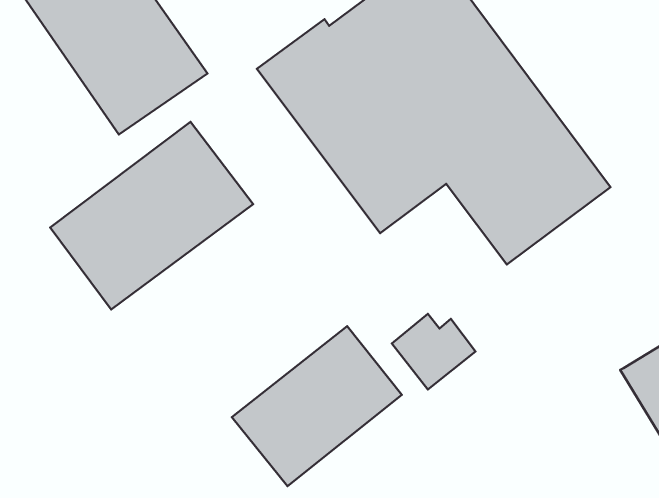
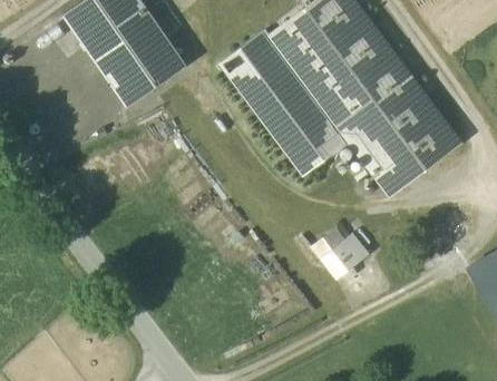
building: [50,122,253,309] -> none
building: [232,326,402,486] -> none

